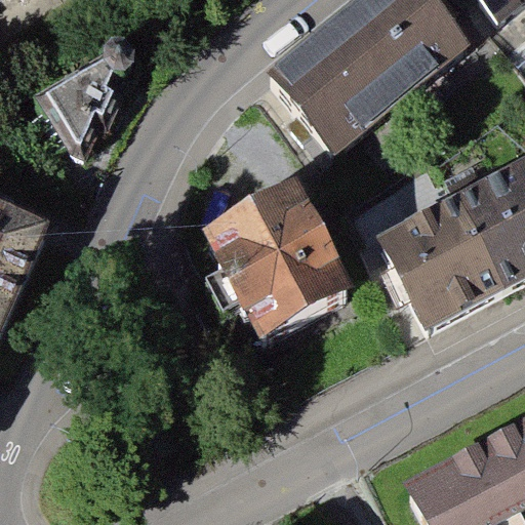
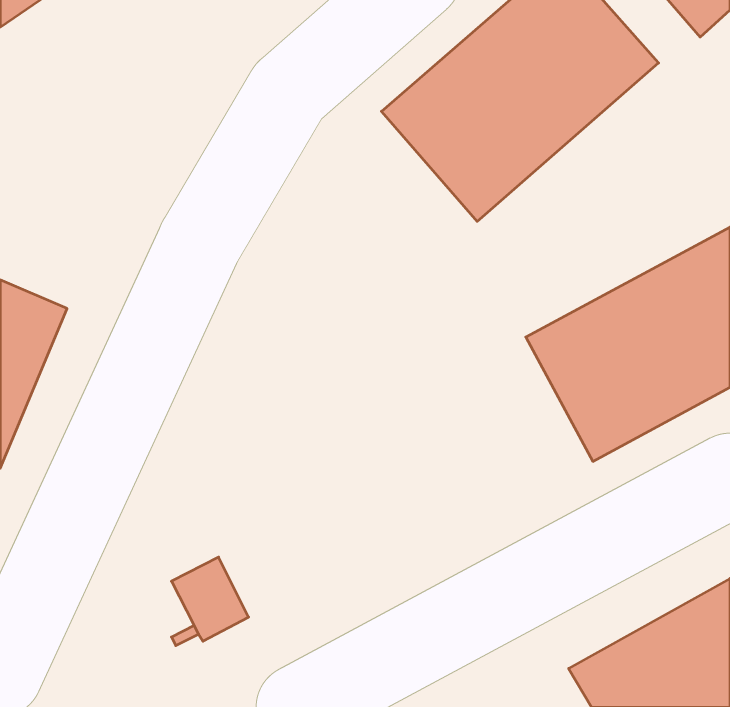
building: [38,27,132,152] -> none
building: [195,191,350,351] -> none

